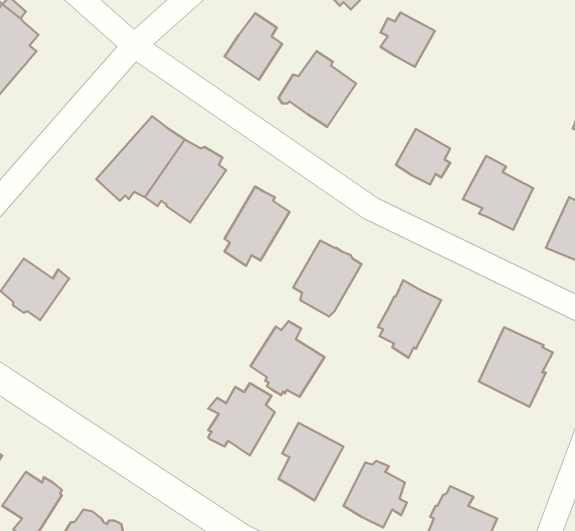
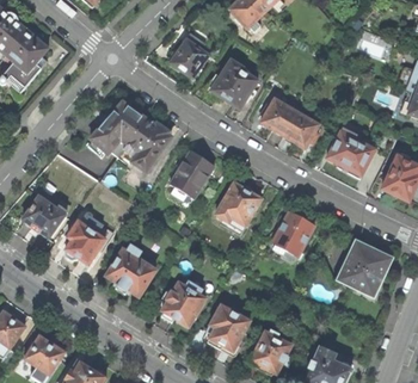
building: [381,13,435,67] -> [262,97,297,132]
building: none -> [64,210,104,262]
building: [251,321,325,397] -> [105,243,154,294]

